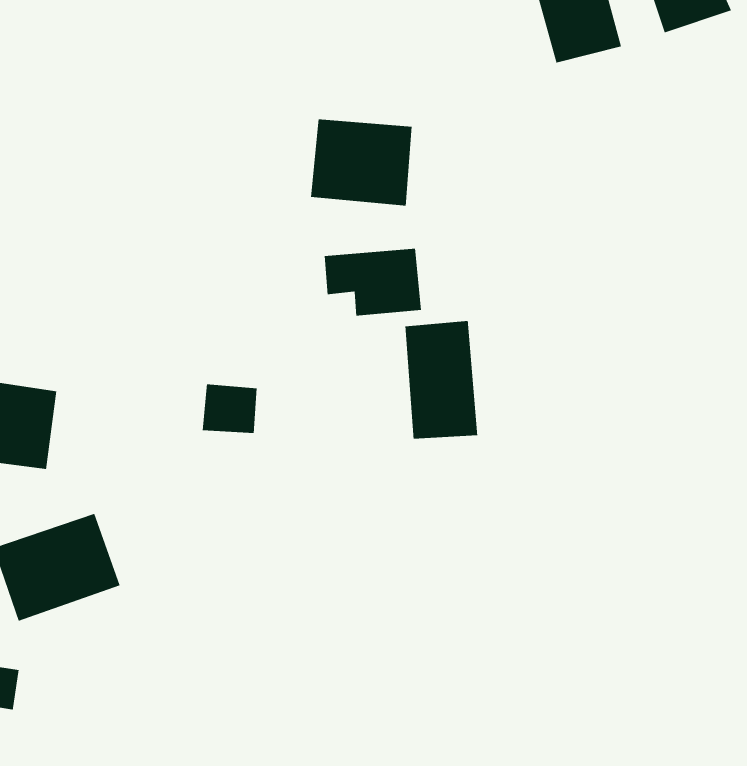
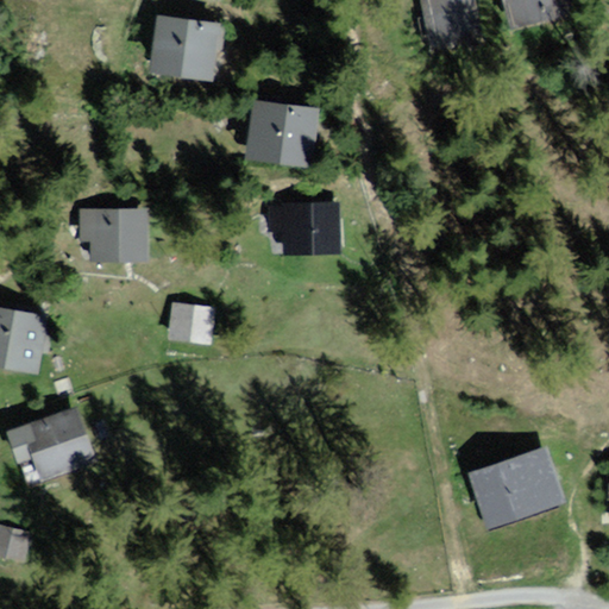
building: none -> [157,20,226,86]
building: none -> [73,202,151,265]
building: [405,320,478,439] -> none
building: none -> [472,445,565,527]

